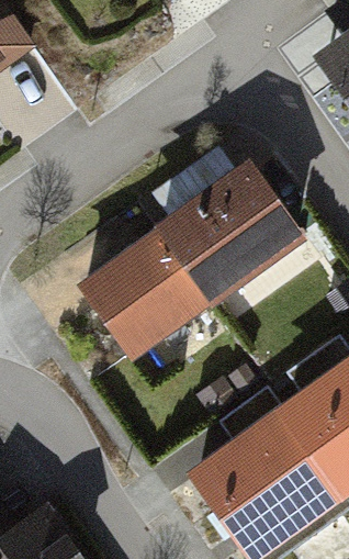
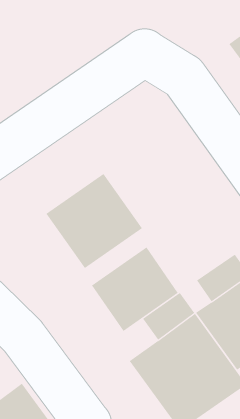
building: [158,161,305,302] -> none
building: none -> [91,246,179,332]

